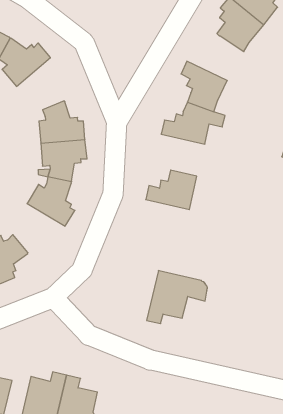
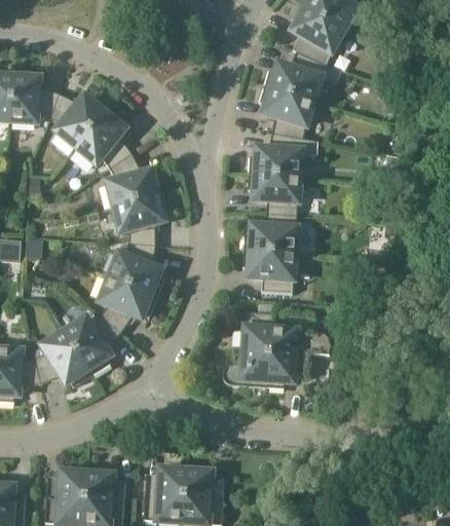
building: none -> [263,52,326,102]
building: none -> [75,109,132,170]
building: none -> [247,175,299,216]
building: none -> [241,252,294,294]
building: none -> [99,278,156,334]
building: none -> [221,312,271,388]

